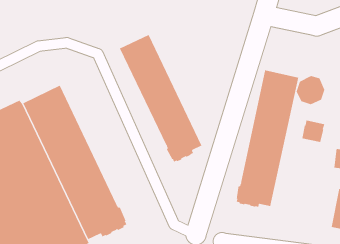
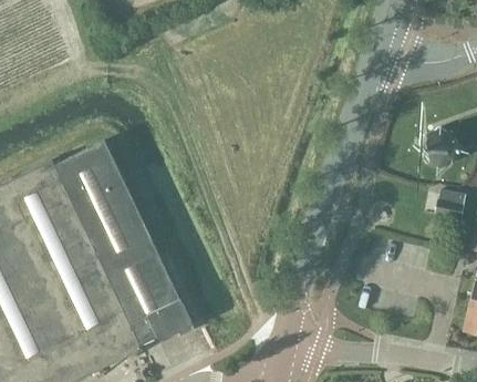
building: [119,34,202,162] -> none
building: [236,69,299,208] -> none

